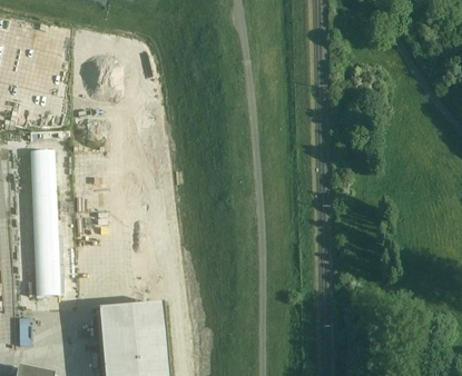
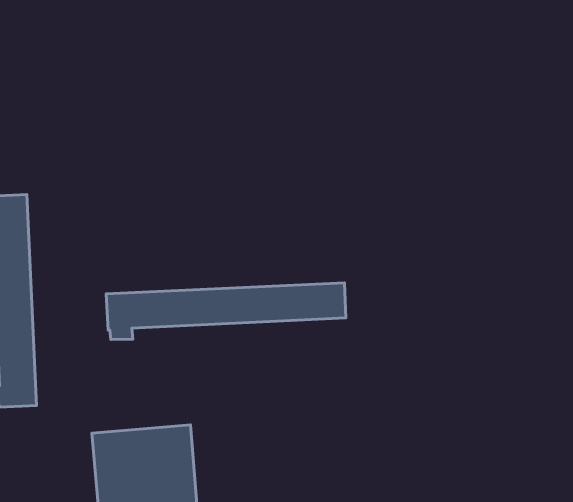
building: none -> [106,283,346,340]

